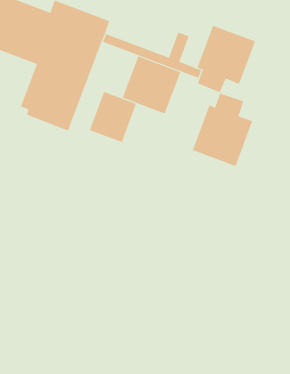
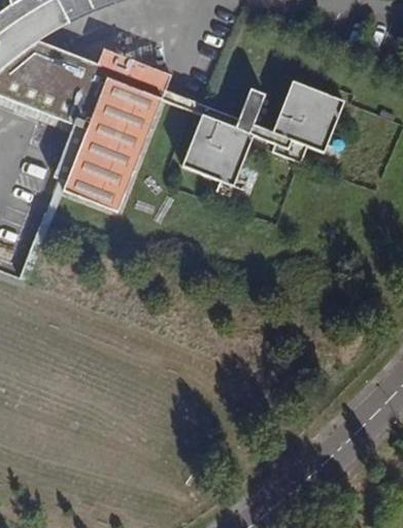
building: [89,91,136,143] -> none
building: [192,93,253,167] -> none

